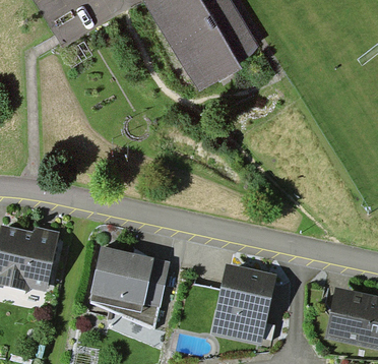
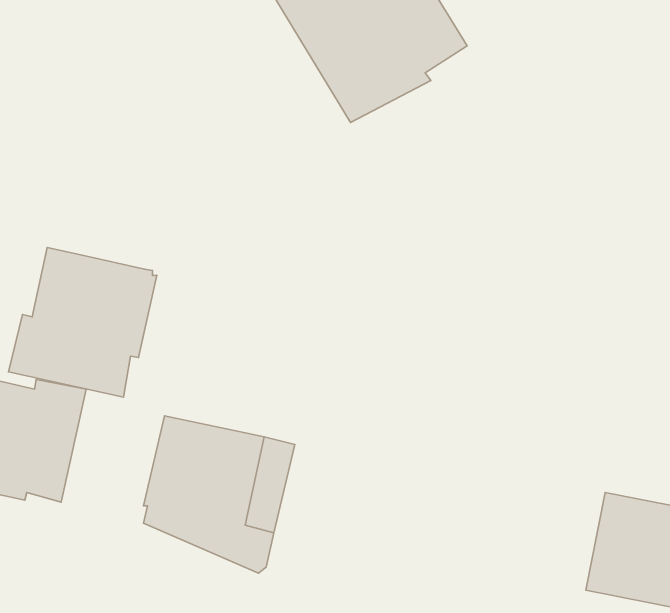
building: none -> [8,248,157,397]
building: [210,263,276,345] -> none

